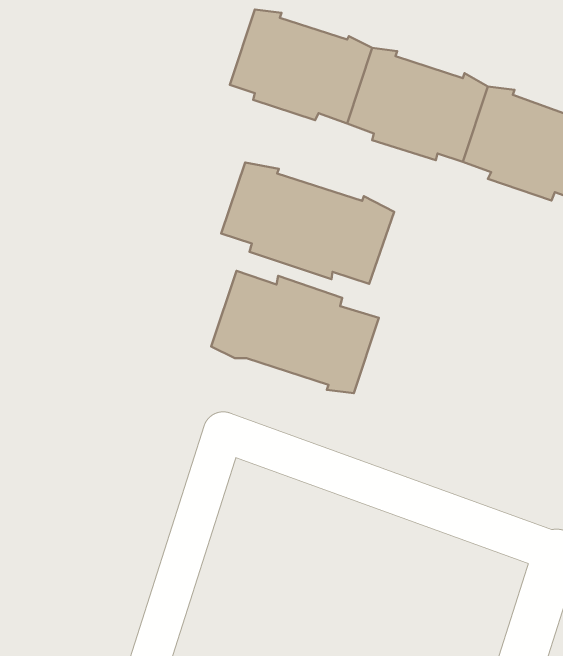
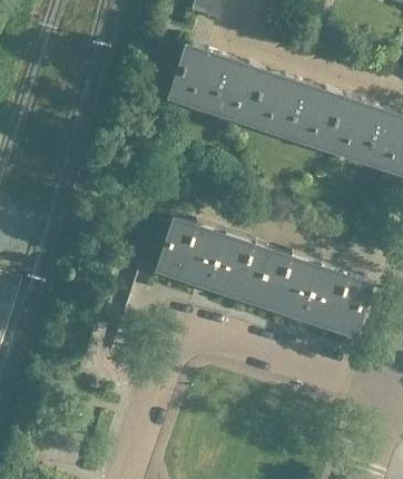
building: [221,163,394,284] -> none
building: none -> [252,252,364,333]

